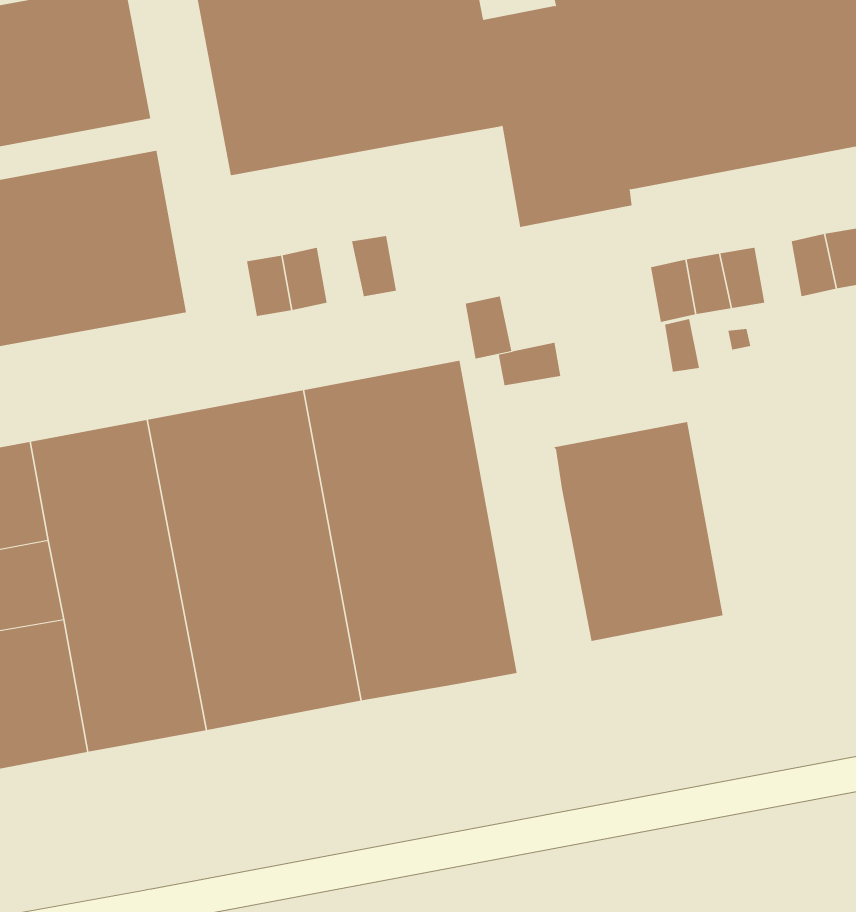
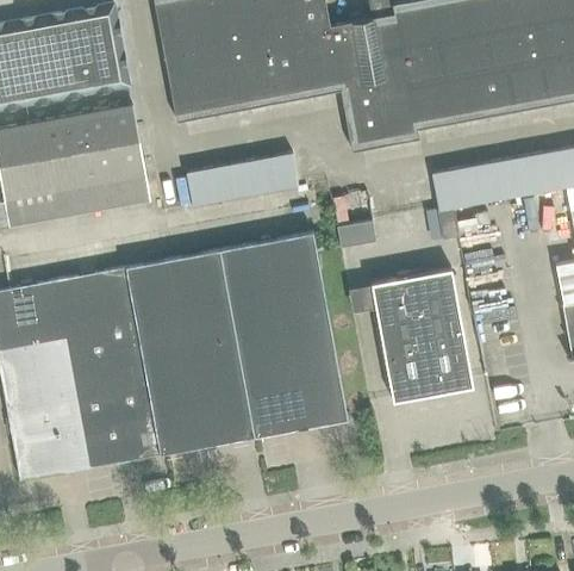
building: none -> [229,160,256,197]
building: none -> [492,160,519,197]
building: [465,296,512,359] -> [270,151,299,190]

